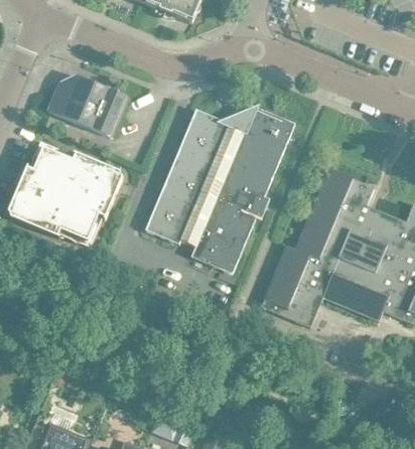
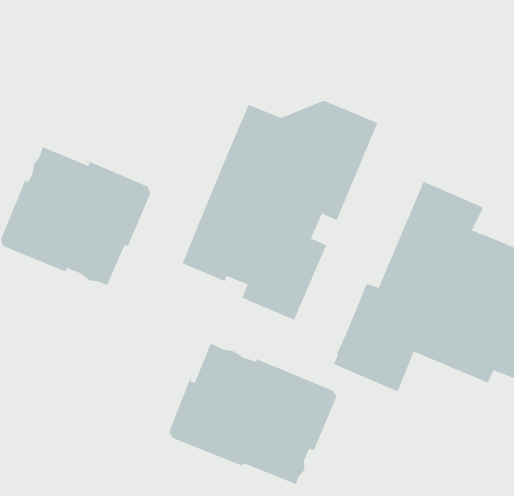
building: [47,74,129,137] -> none
building: none -> [169,343,337,485]

